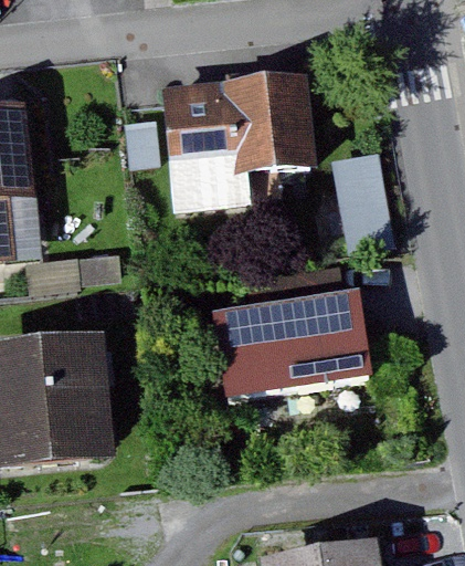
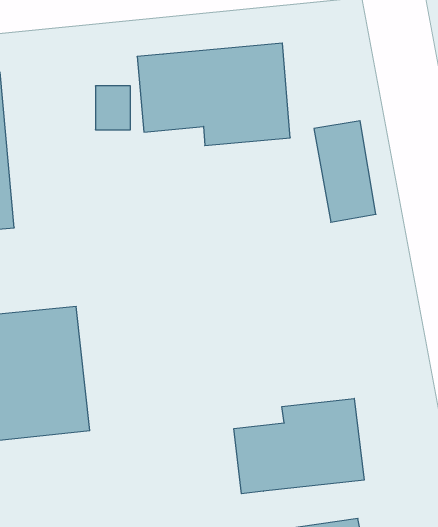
building: [213,264,370,396] -> none
building: none -> [234,398,364,494]

